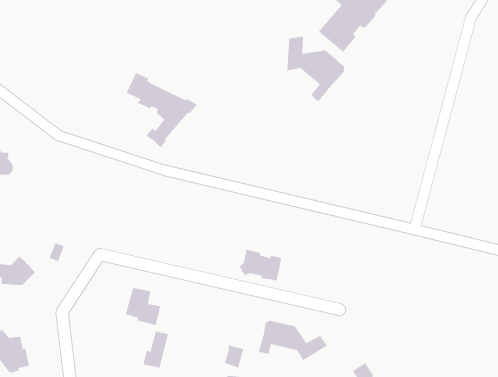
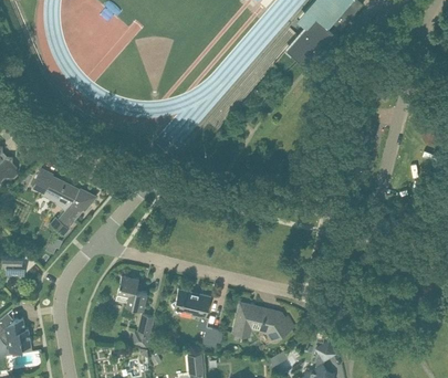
building: [287,35,345,102] -> none
building: [126,72,198,148] -> [32,168,96,235]
building: [238,249,282,281] -> [171,288,210,317]

